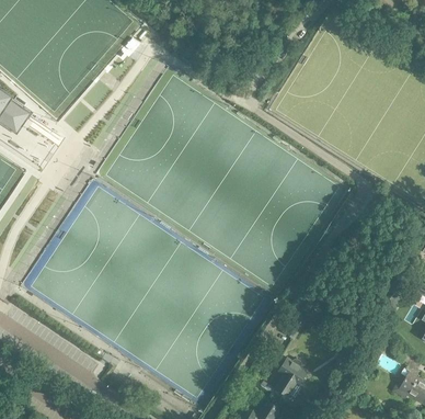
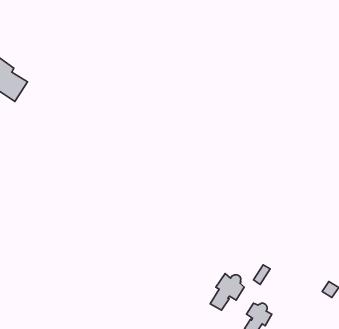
building: none -> [210,273,244,310]

